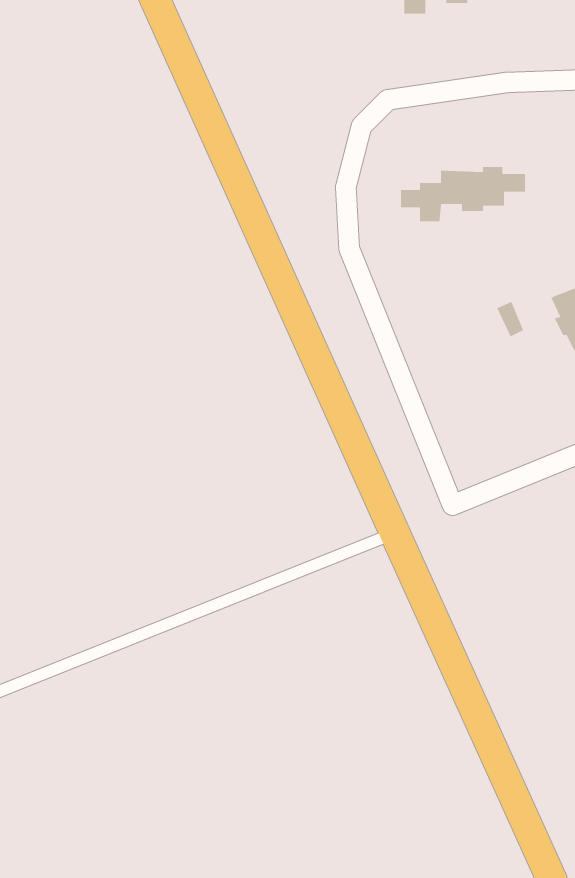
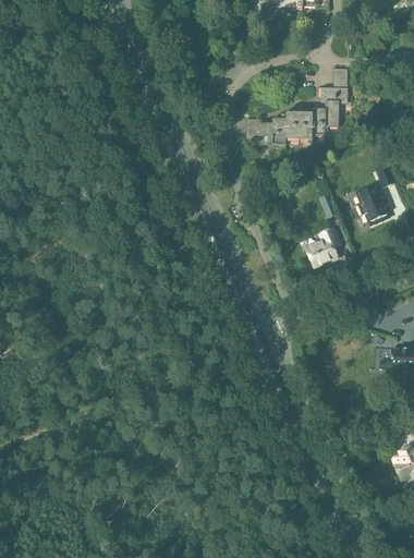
building: none -> [321,86,348,112]
building: none -> [307,227,341,266]

